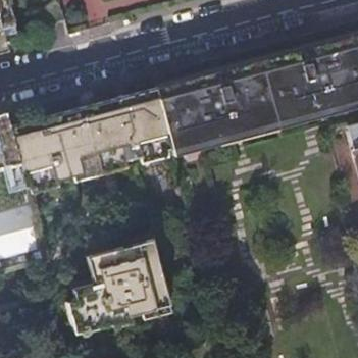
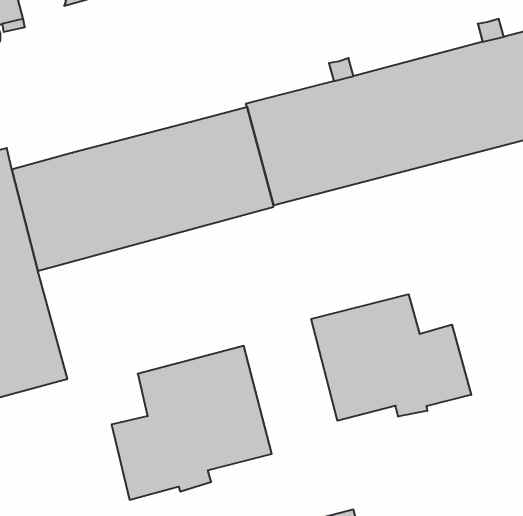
building: none -> [311,294,471,421]

